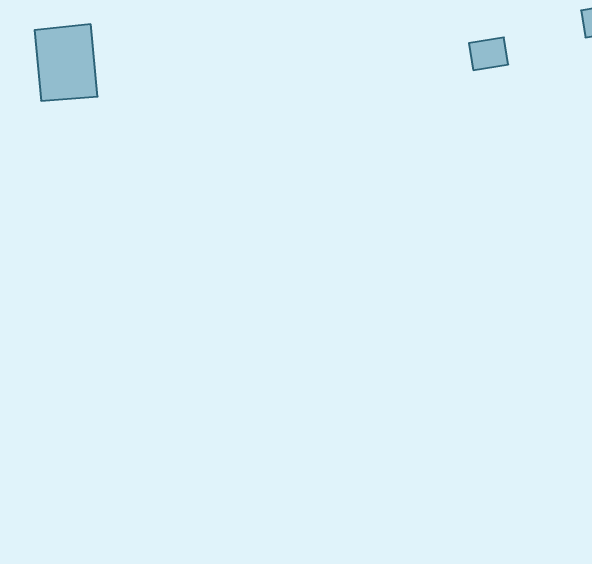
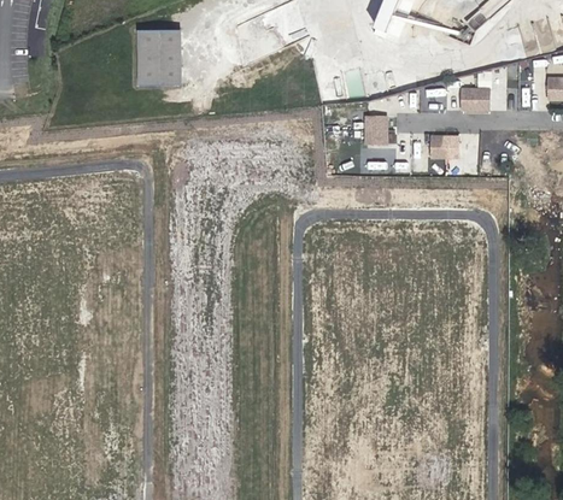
building: none -> [364,118,385,145]
building: none -> [430,137,457,158]

